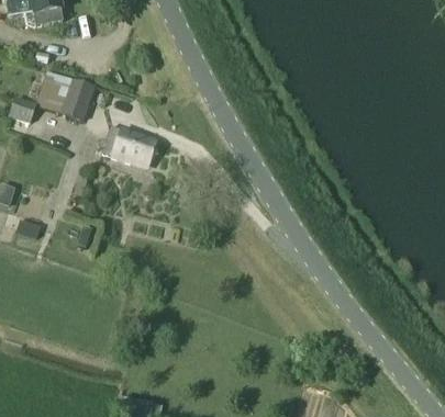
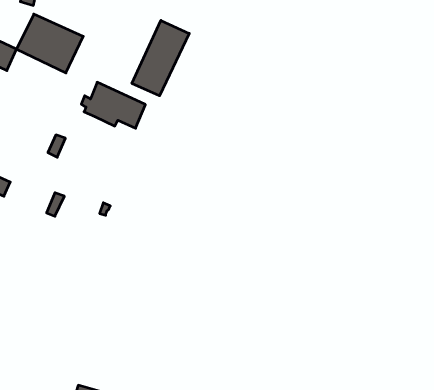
building: none -> [132,20,189,96]

